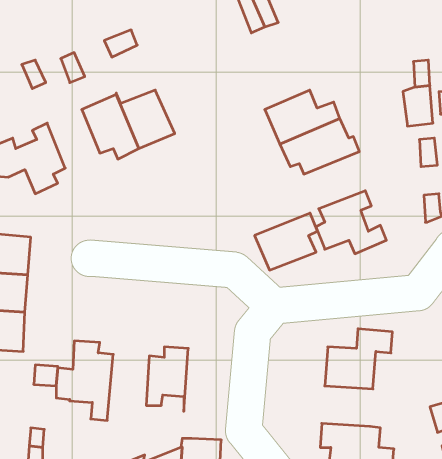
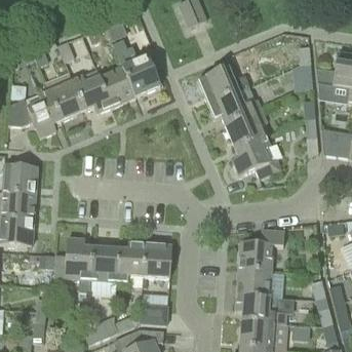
building: none -> [112,39,160,96]
building: none -> [48,80,84,120]
building: [255,213,318,270] -> [224,109,267,148]
building: none -> [142,243,171,286]
building: none -> [89,247,118,292]
building: none -> [236,269,276,298]

